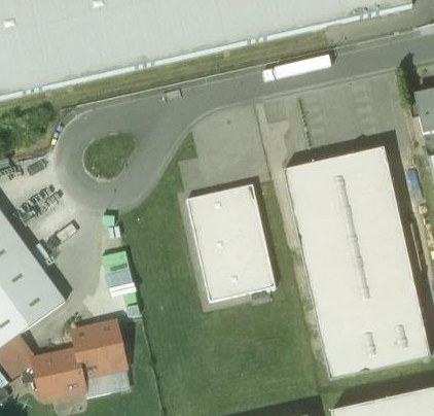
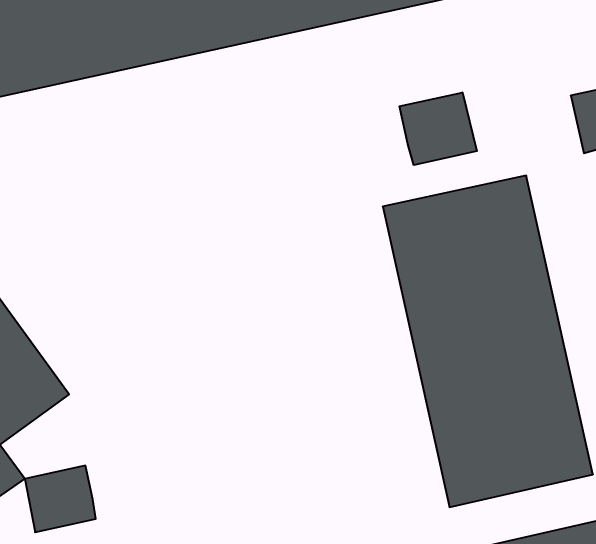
building: none -> [400,92,477,165]
building: [186,183,275,301] -> none
building: [72,322,122,373] -> none

